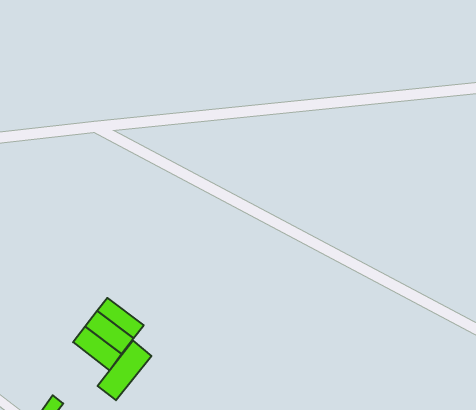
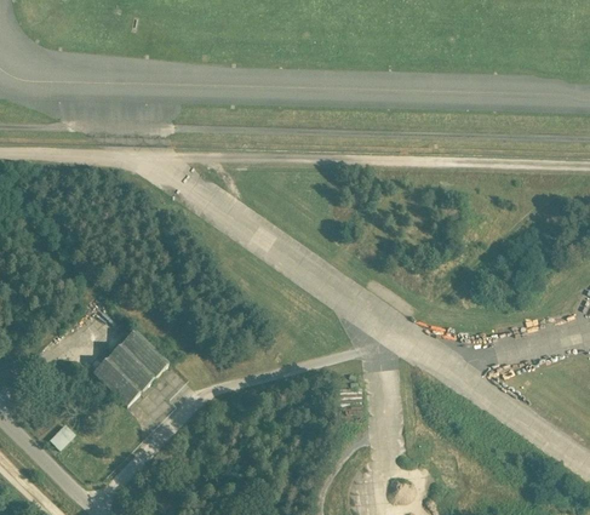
building: [98,340,151,400] -> none

